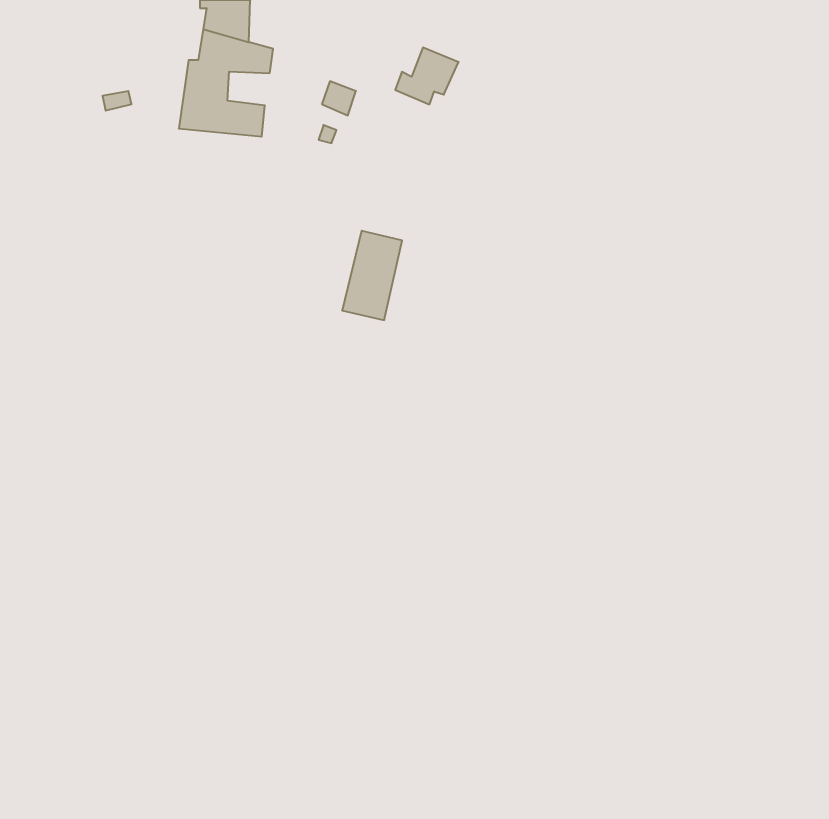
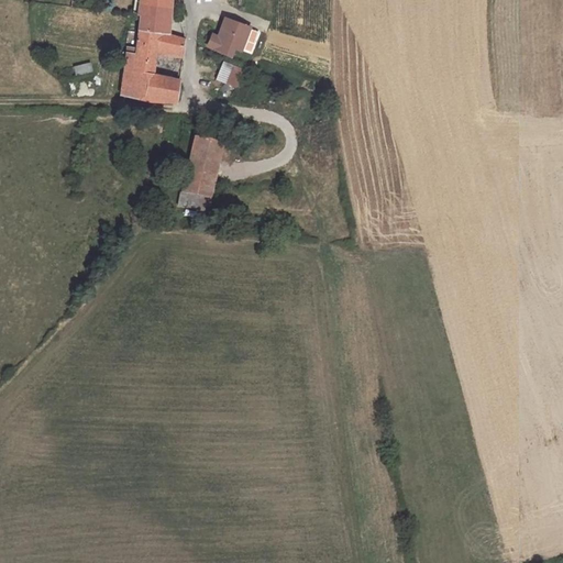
building: [395,48,459,104] -> [208,16,251,55]
building: [342,231,402,320] -> [183,139,223,199]

